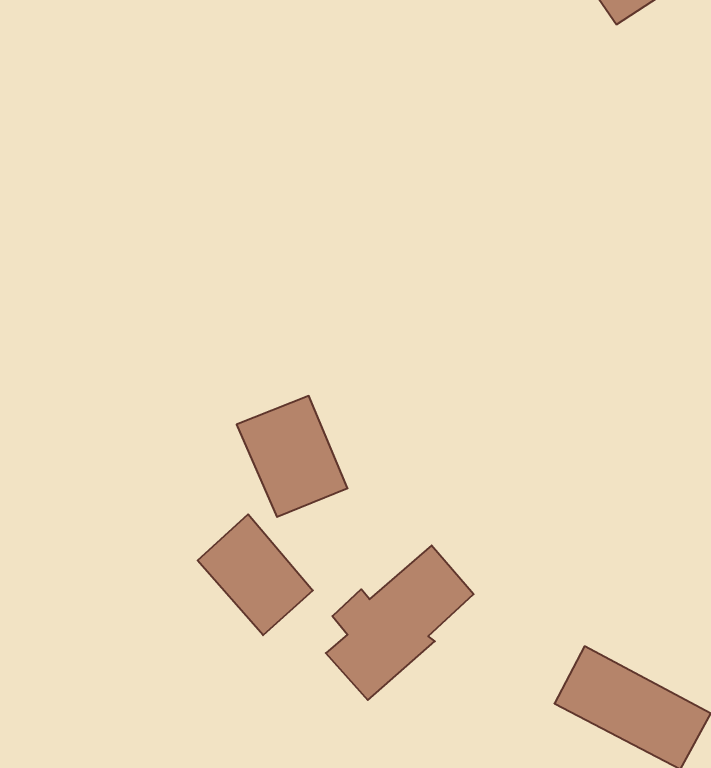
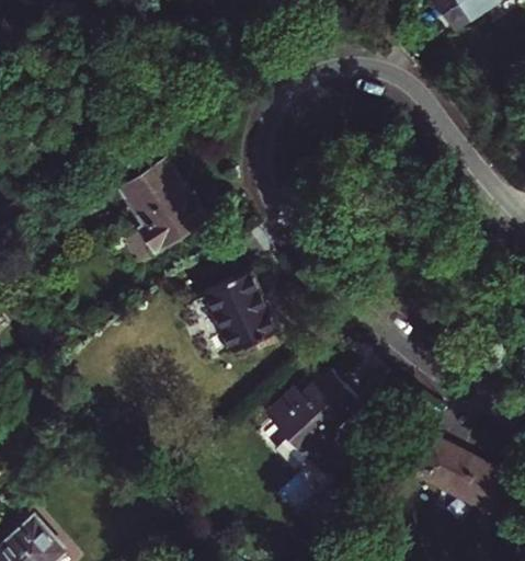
building: none -> [119,156,207,248]
building: [198,514,313,635] -> none

